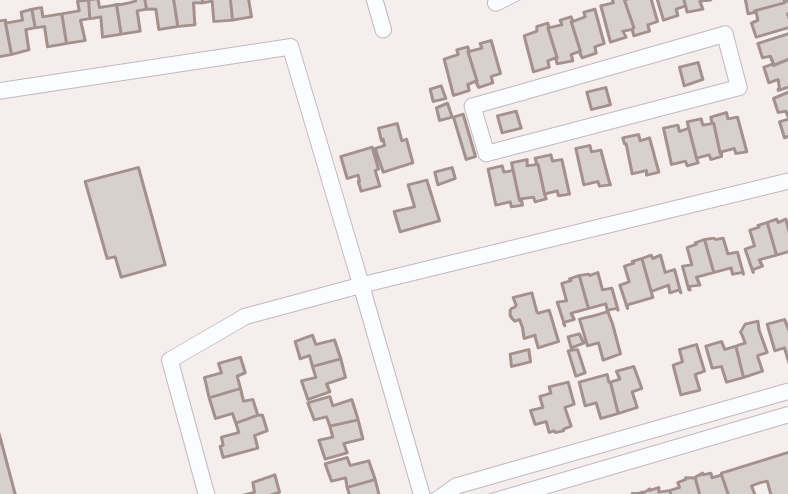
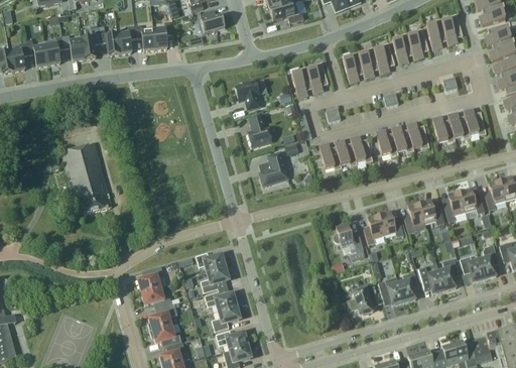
building: none -> [391,126,413,153]
building: [341,147,380,191] -> [235,81,260,109]
building: [580,311,620,360] -> [417,263,443,294]
building: none -> [149,325,182,349]

